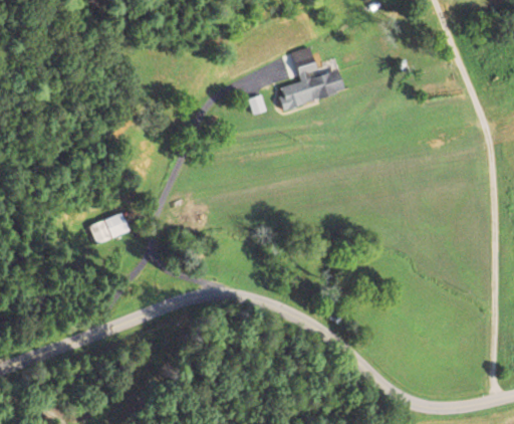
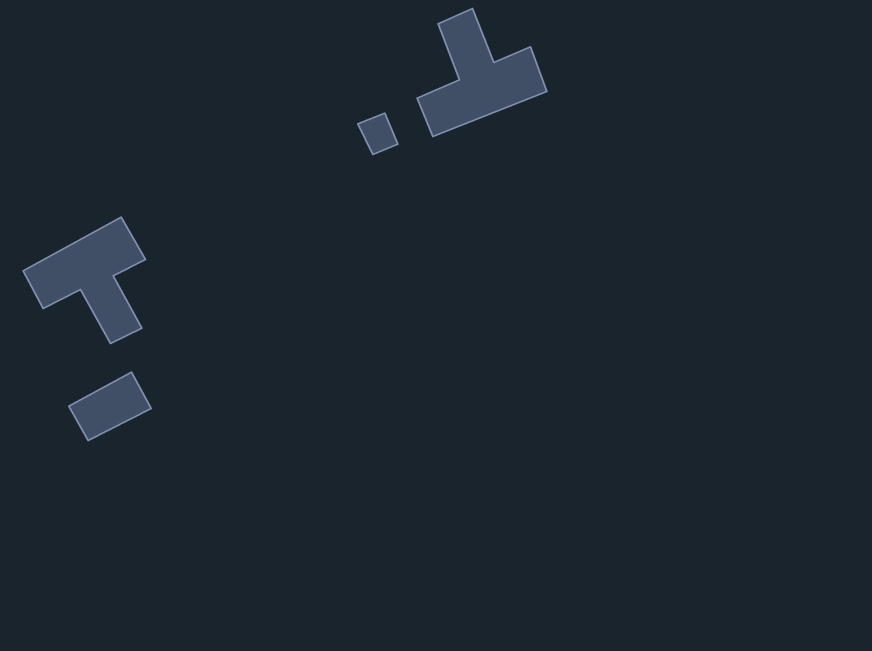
building: none -> [23,217,146,343]

